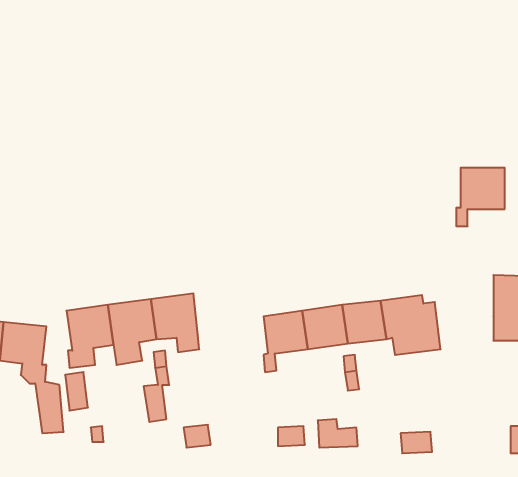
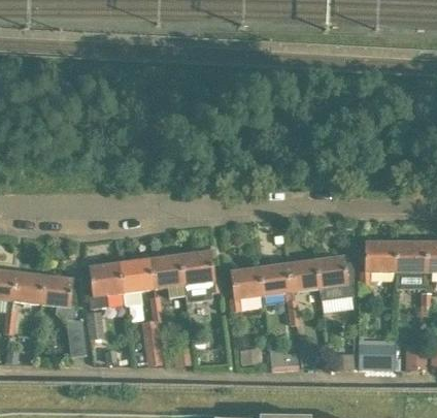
building: [456,168,505,226] -> [361,240,396,283]
building: none -> [179,250,220,292]
building: none -> [359,345,394,368]

